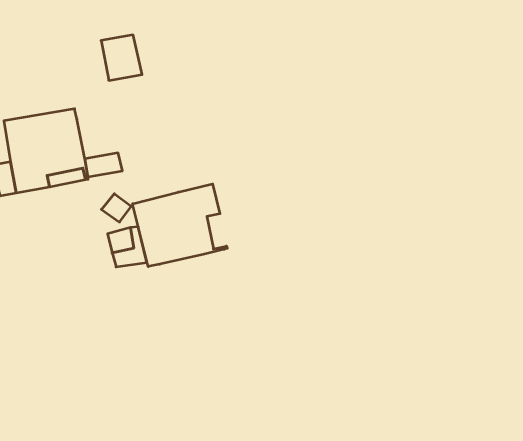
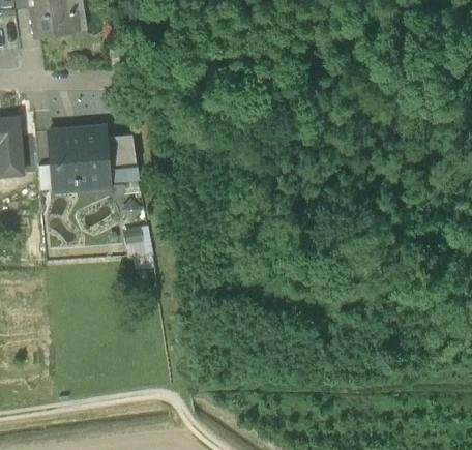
building: [101,35,142,80] -> [106,133,136,168]
building: [133,184,227,267] -> none

